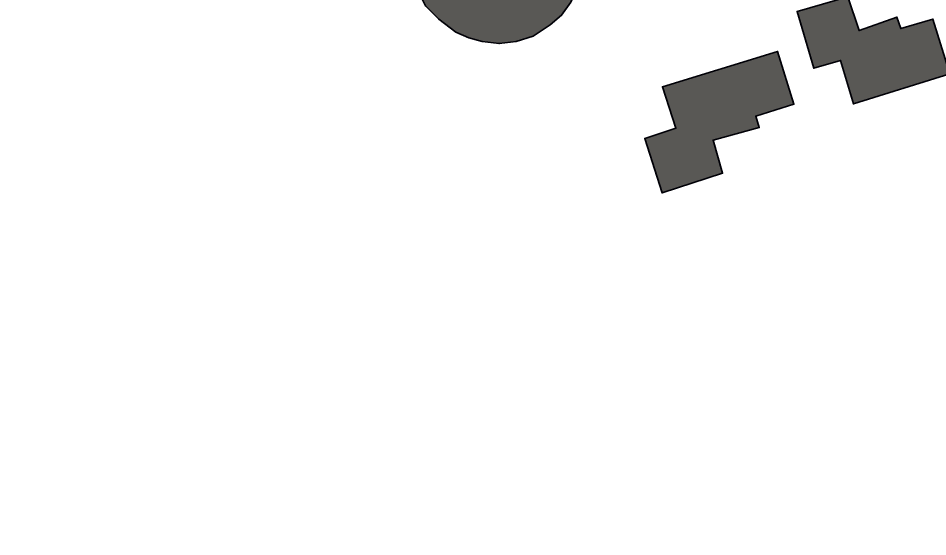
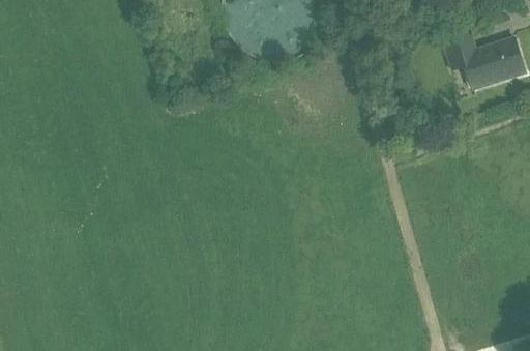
building: [645,51,794,193] -> none

